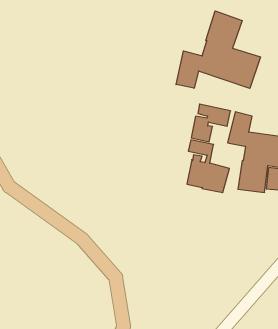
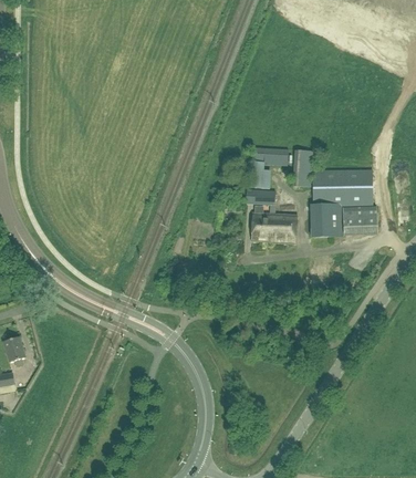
building: [176,11,261,88] -> none

